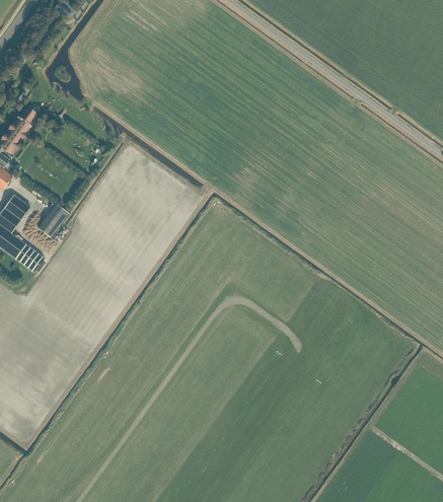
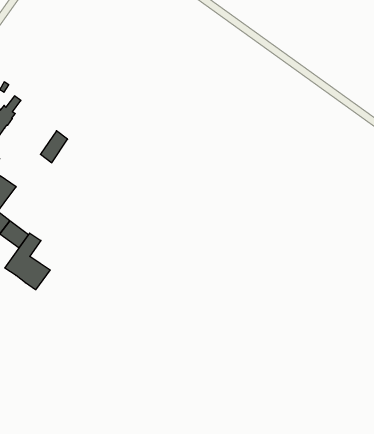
building: [40,202,69,236] -> [40,131,68,163]
building: none -> [5,233,50,290]

